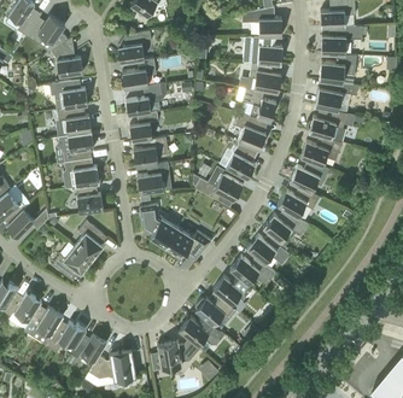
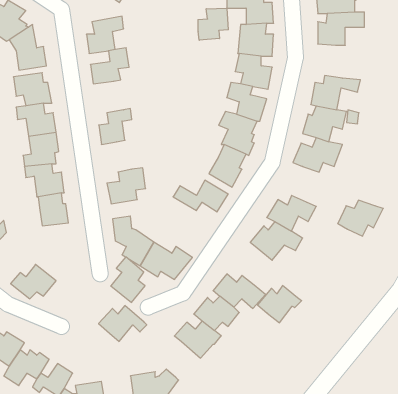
building: none -> [198,8,228,40]
building: [319,55,356,84] -> none
building: [125,83,168,116] -> none
building: [133,137,169,168] -> none
building: [290,162,329,193] -> [338,200,383,236]
building: [74,222,104,262] -> [111,257,145,302]
building: [246,233,285,265] -> [258,286,302,323]
building: [179,315,221,346] -> [99,306,147,341]

